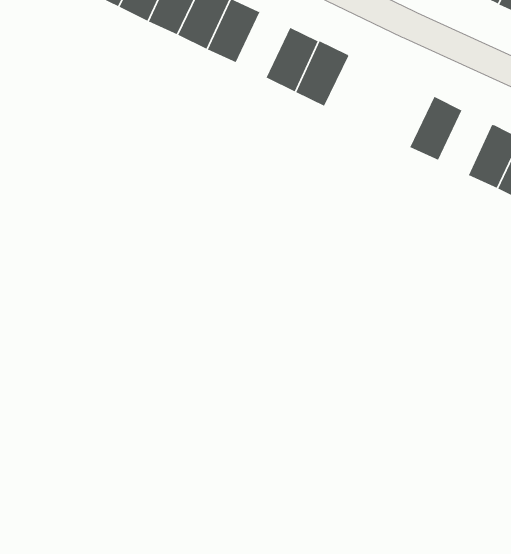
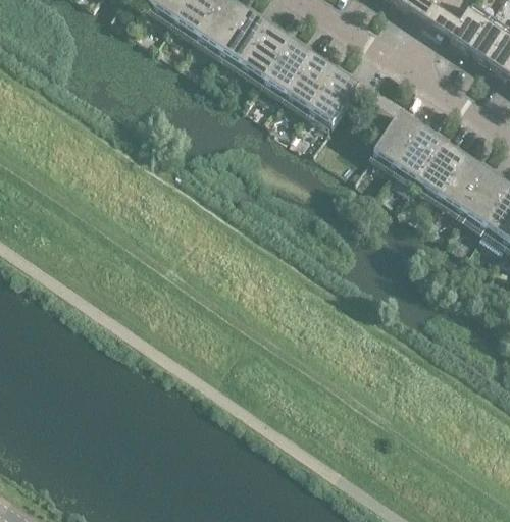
building: none -> [264,40,313,94]
building: none -> [372,112,422,167]
building: none -> [418,142,466,197]

